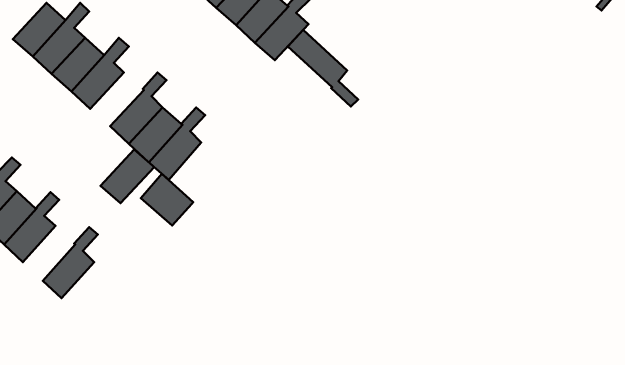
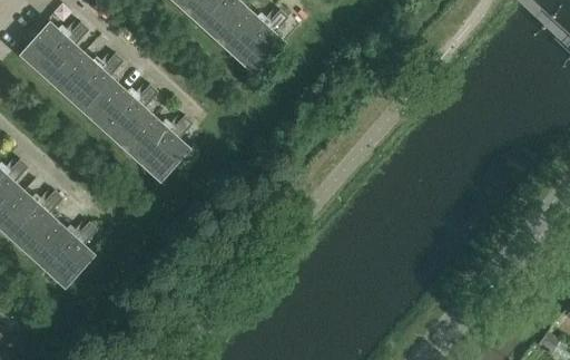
building: [288,30,358,106] -> none
building: [101,150,154,203] -> [89,85,137,133]
building: [141,174,193,225] -> none
building: none -> [29,222,76,271]

